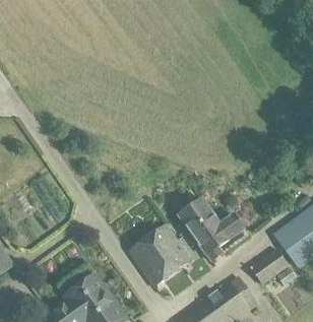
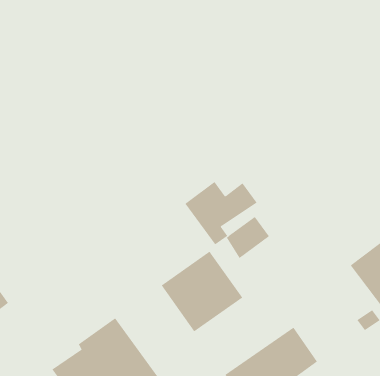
building: [188,212,244,261] -> [184,181,258,245]
building: [250,249,287,283] -> none

